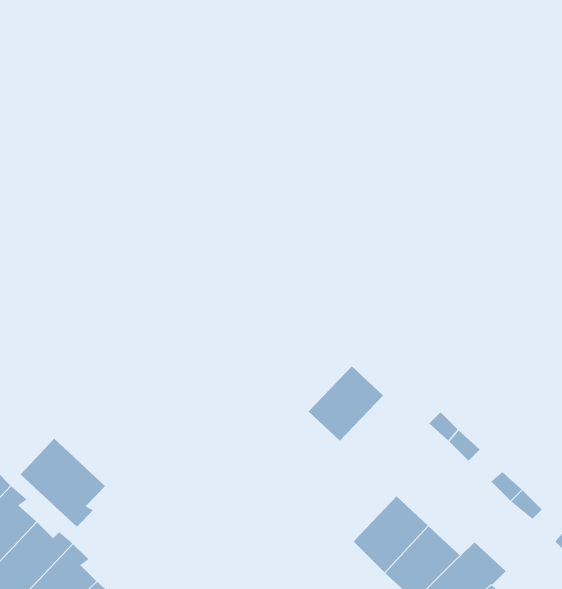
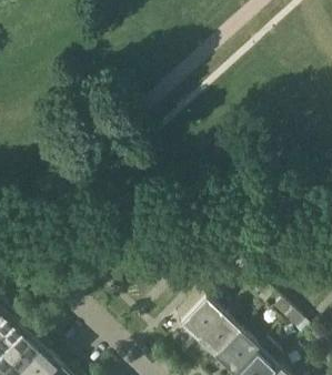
building: [308,365,384,441] -> [182,297,224,339]
building: [20,438,106,527] -> none

